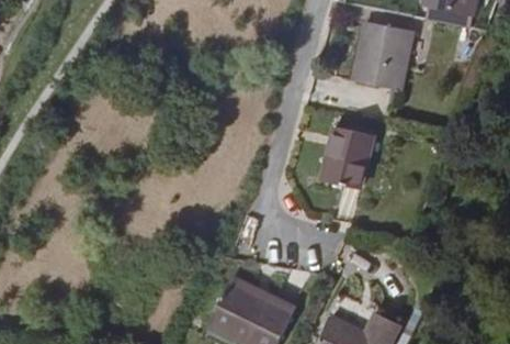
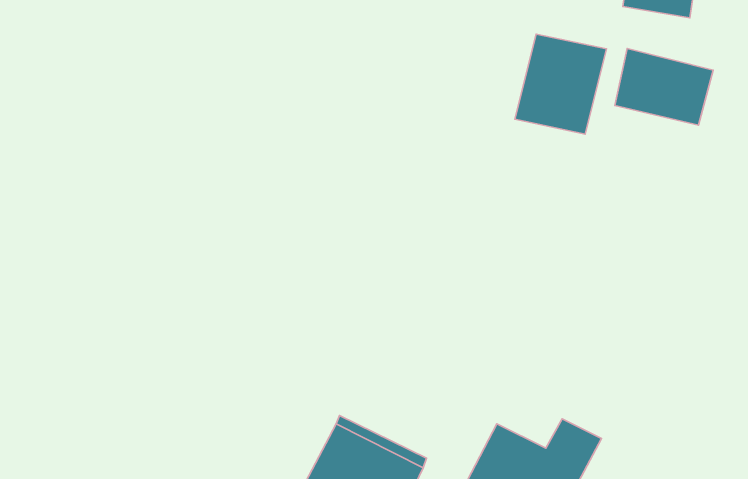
building: none -> [615,49,713,125]
building: [326,129,375,189] -> none

